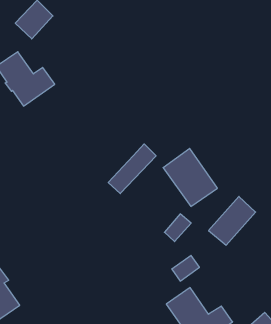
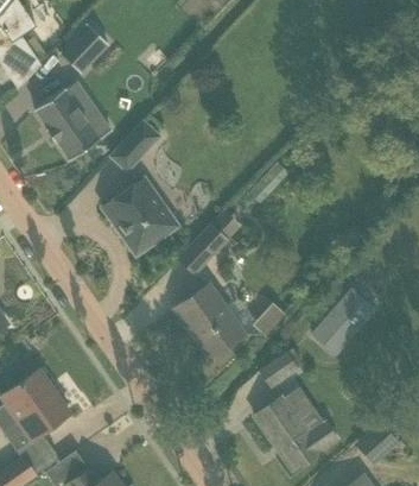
building: none -> [113,121,160,171]
building: none -> [103,178,179,254]
building: [163,148,217,206] -> [176,284,246,359]

